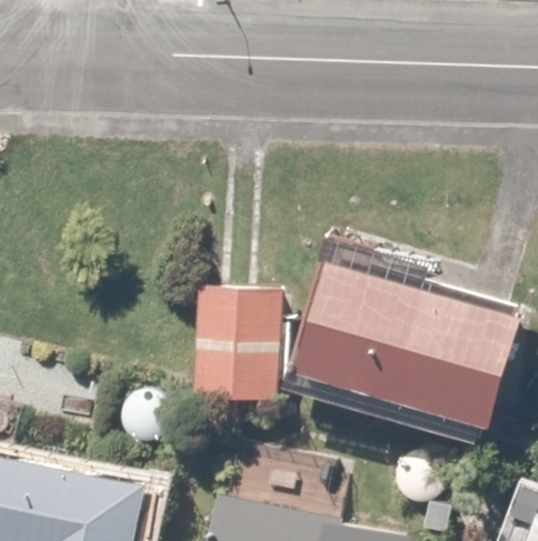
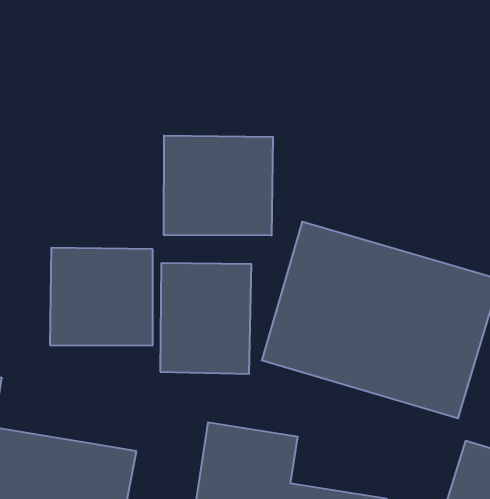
building: none -> [164,135,273,236]
building: none -> [50,248,152,346]

